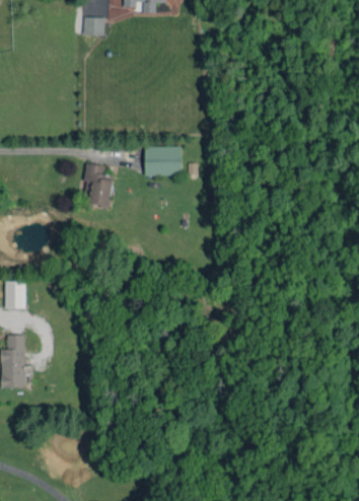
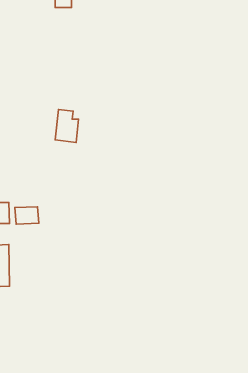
building: [144,145,181,174] -> none
building: none -> [15,207,39,224]

